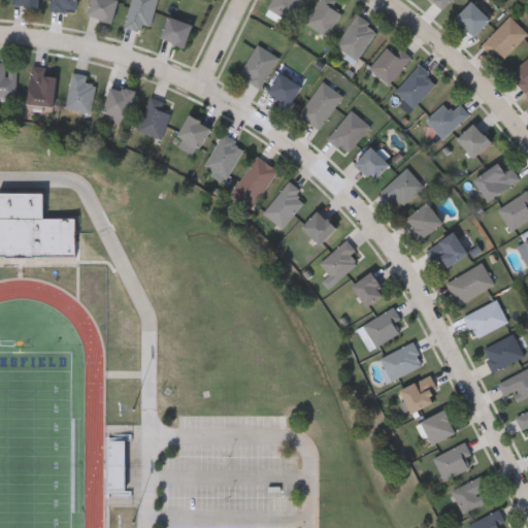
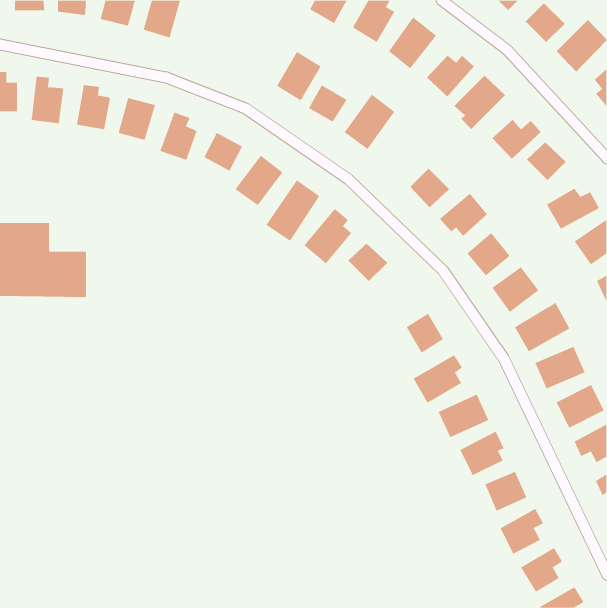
building: [160,16,192,47] -> none
building: [327,110,370,155] -> none
building: [320,239,359,282] -> none

